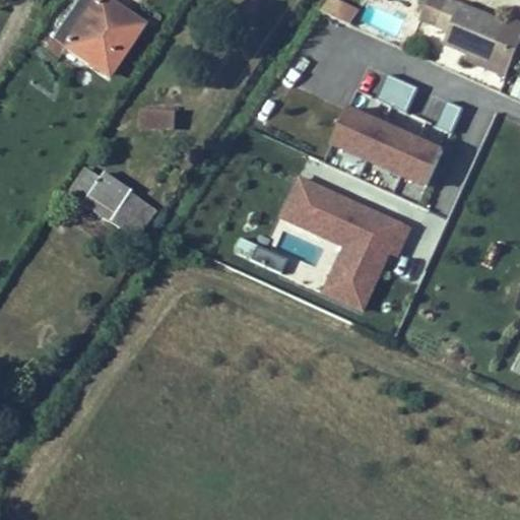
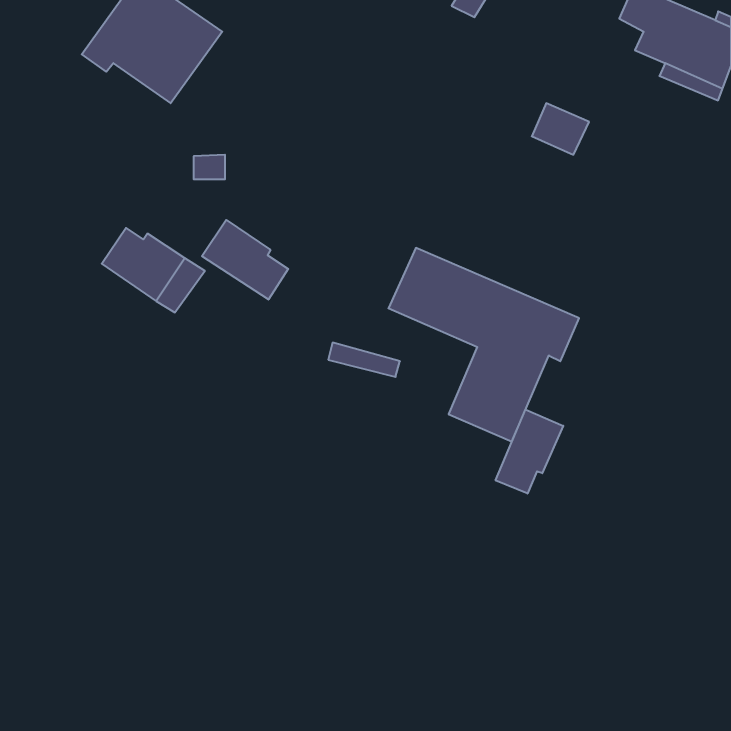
building: [329,106,446,189] -> none
building: none -> [202,220,288,300]
building: none -> [496,409,563,494]

